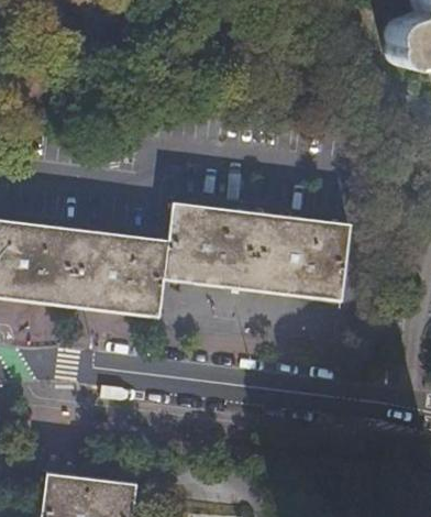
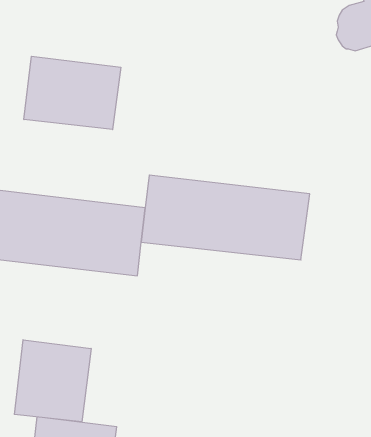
building: none -> [24,56,121,130]
building: none -> [14,340,91,422]

